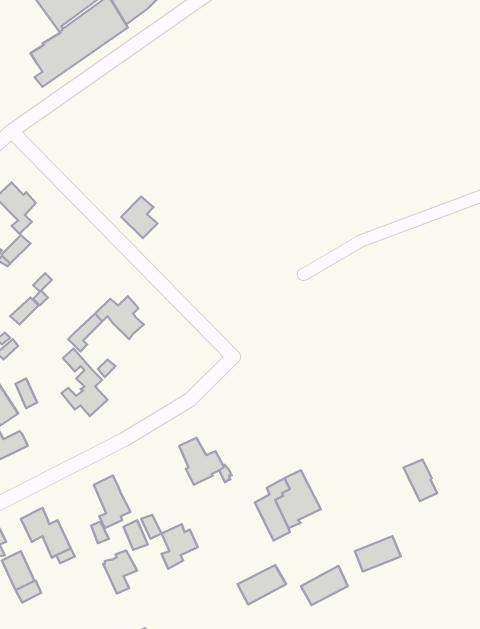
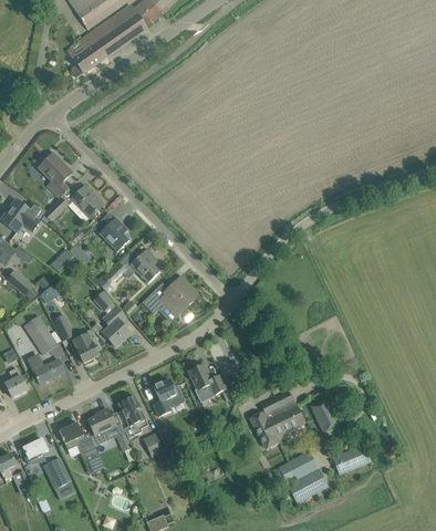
building: [121,196,158,238] -> [98,217,128,251]
building: none -> [70,185,101,218]
building: none -> [142,279,198,316]
building: none -> [74,331,100,362]
building: [404,459,437,501] -> [310,398,338,433]
building: [161,524,198,569] -> [153,379,183,416]
building: [103,550,137,594] -> [87,408,115,444]
building: [237,565,286,604] -> [278,451,318,483]

